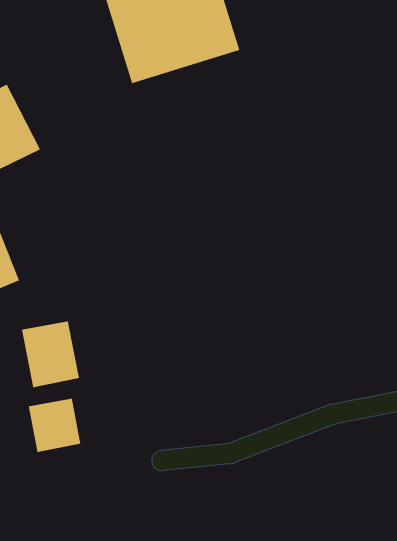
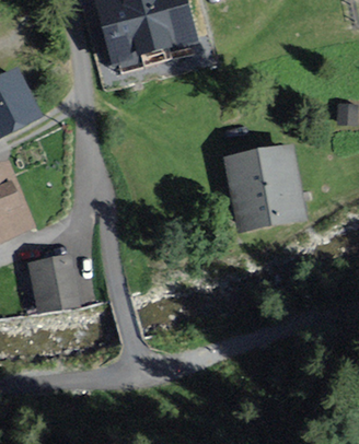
building: none -> [222,144,301,231]
building: [28,398,81,453] -> none

